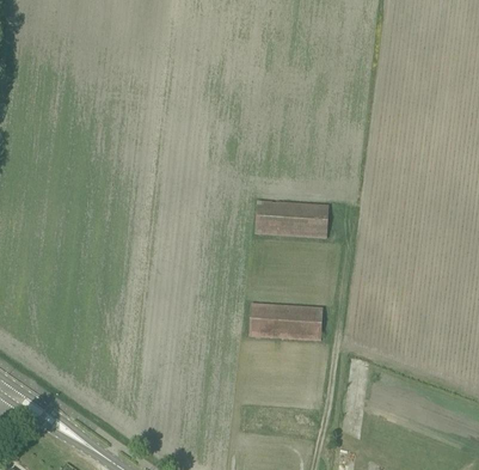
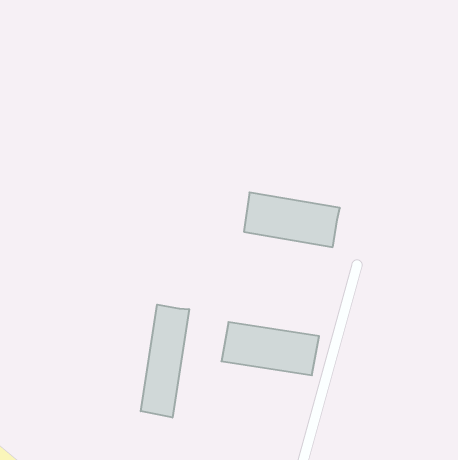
building: none -> [141,305,189,418]

